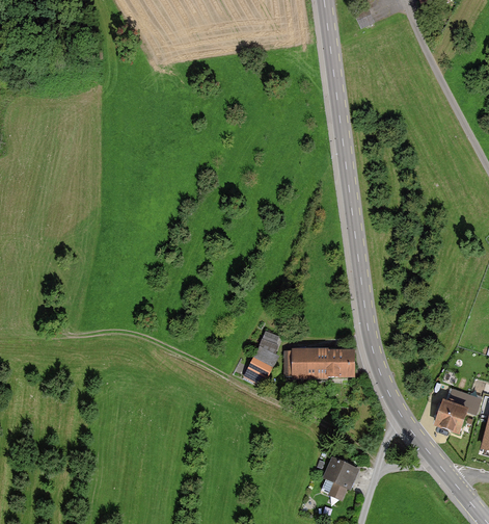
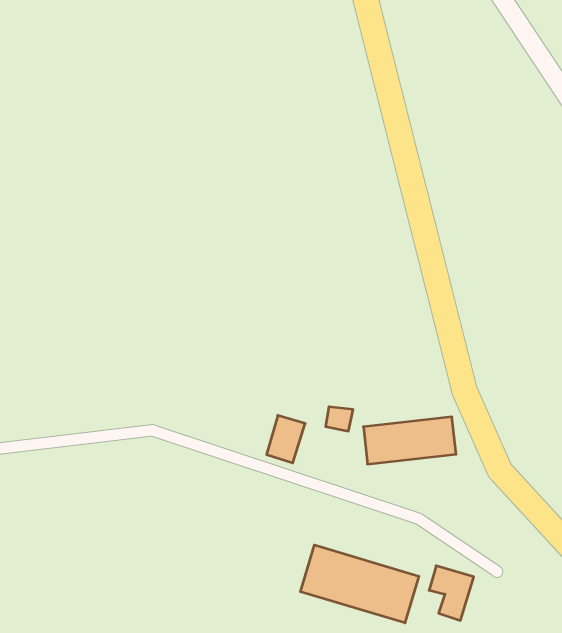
building: [246,346,277,383] -> [267,415,305,463]
building: none -> [300,545,419,623]

